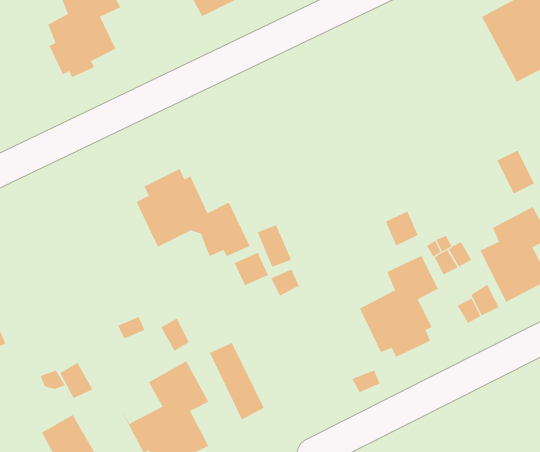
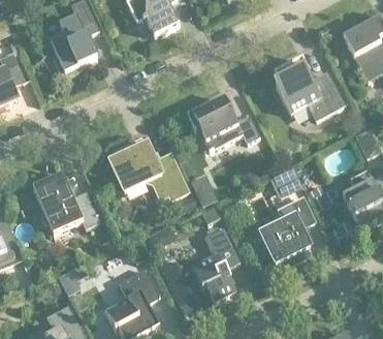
building: none -> [274,57,343,118]
building: none -> [187,97,259,150]
building: none -> [32,173,99,233]
building: none -> [191,227,238,301]

